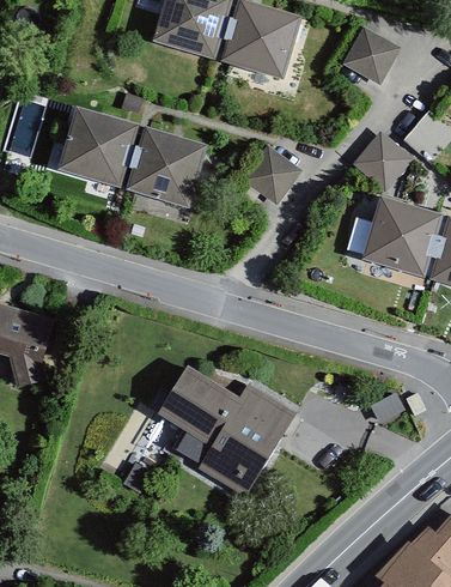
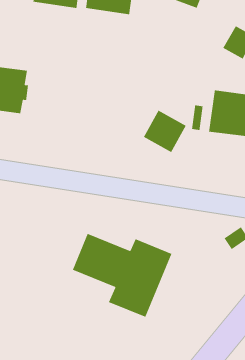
building: [351,126,409,184] -> none
building: [127,135,205,212] -> none
building: [238,141,300,204] -> [143,110,187,153]

